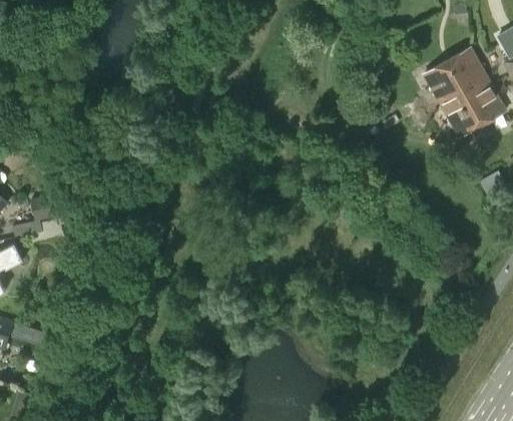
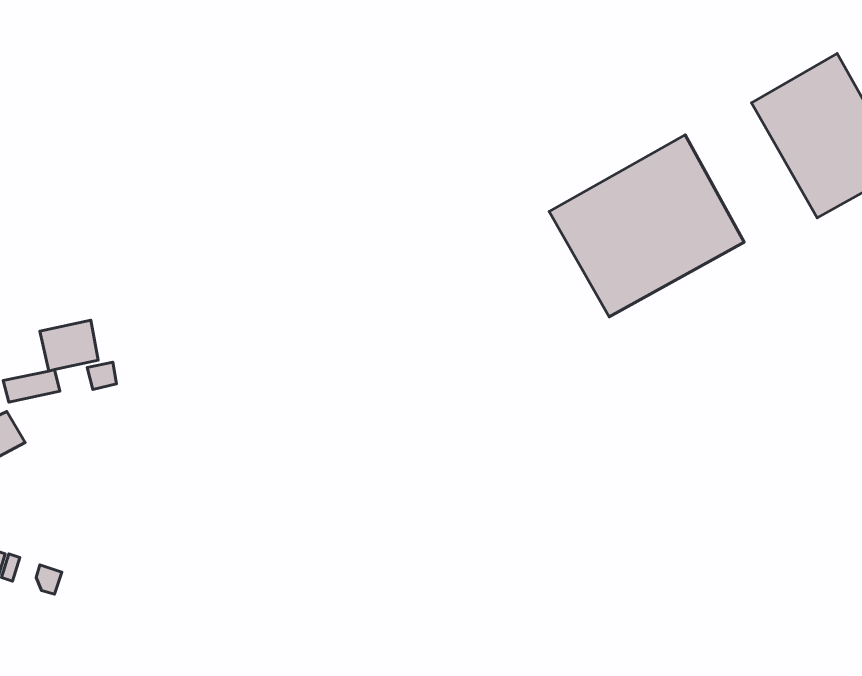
building: none -> [549,135,744,317]

